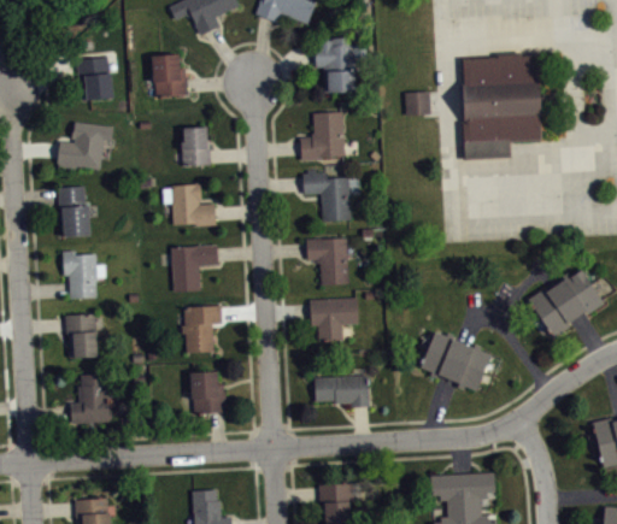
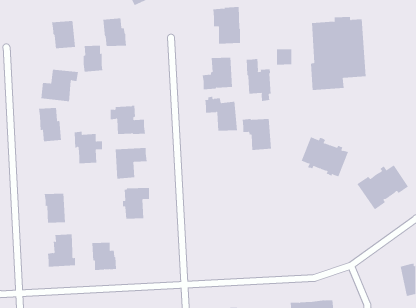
building: none -> [246,58,271,102]
building: [181,128,211,167] -> [83,45,103,72]
building: [306,239,351,285] -> [242,119,272,150]
building: [63,251,106,299] -> [74,131,103,164]
building: [308,296,358,341] -> none
building: [419,330,490,390] -> [301,136,349,177]
building: [189,371,227,413] -> [92,242,117,271]
building: [313,373,370,406] -> none

